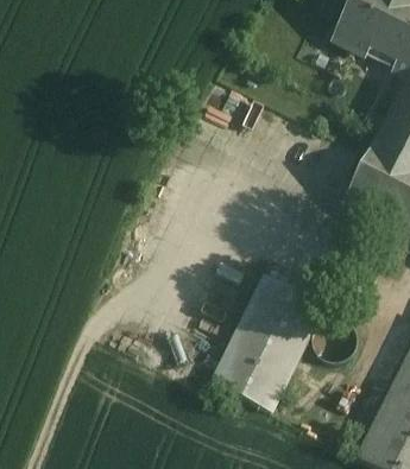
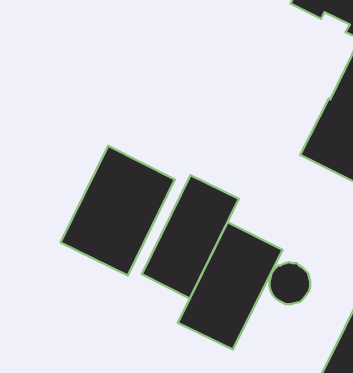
building: none -> [60,146,175,276]
building: none -> [142,175,239,299]

